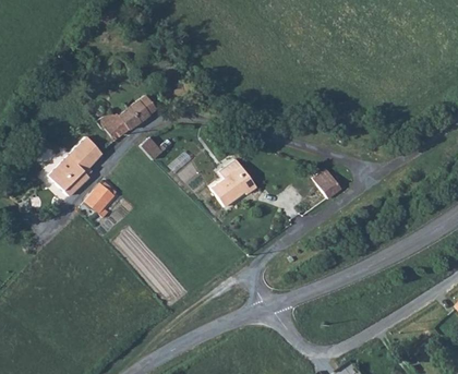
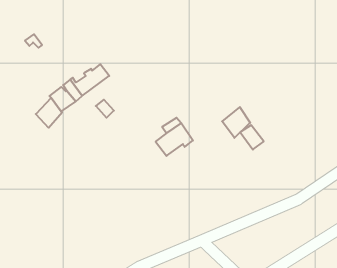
building: none -> [222,107,250,138]
building: [46,155,85,195] -> none
building: [81,182,112,216] -> none

